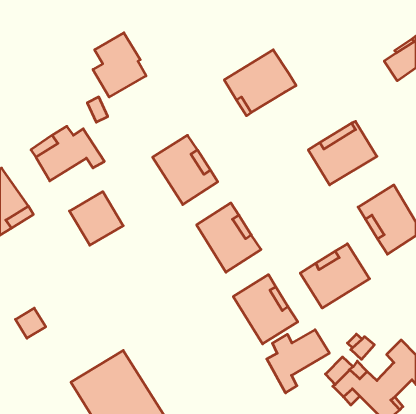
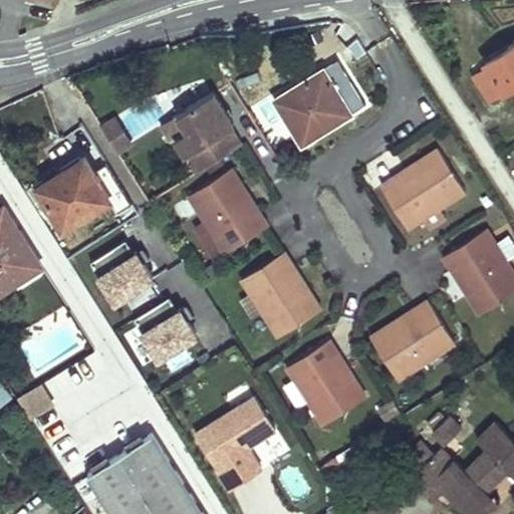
building: [93,33,146,97] -> [176,93,241,173]
building: none -> [130,296,195,362]
building: none -> [190,396,275,493]
building: [267,330,329,393] -> none

